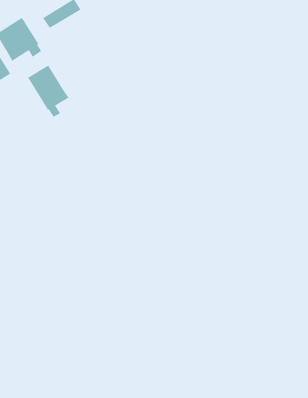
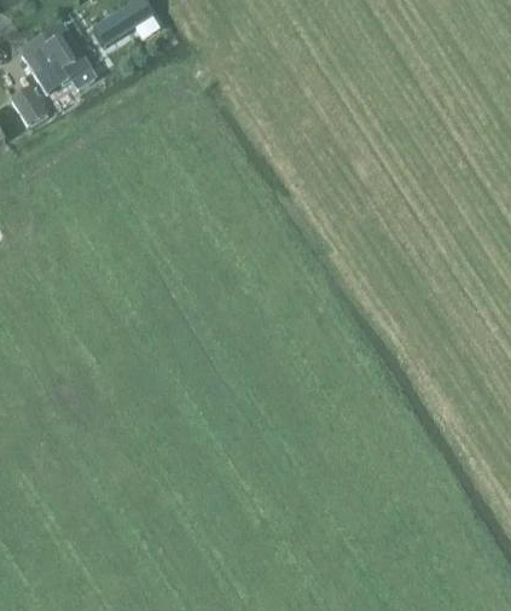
building: [27,65,69,118] -> none

